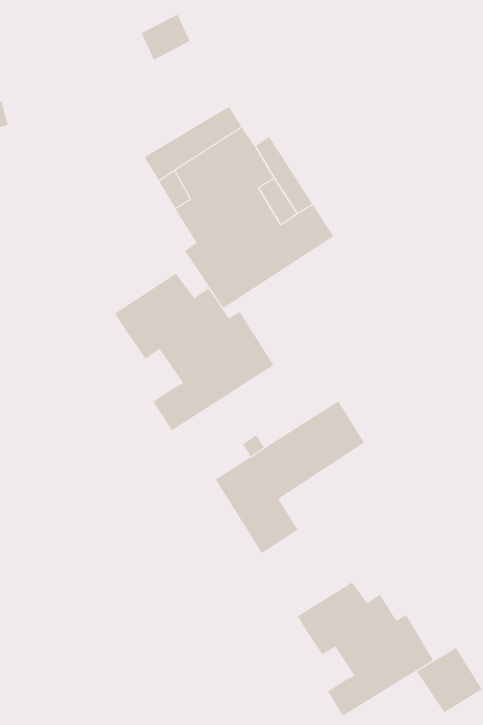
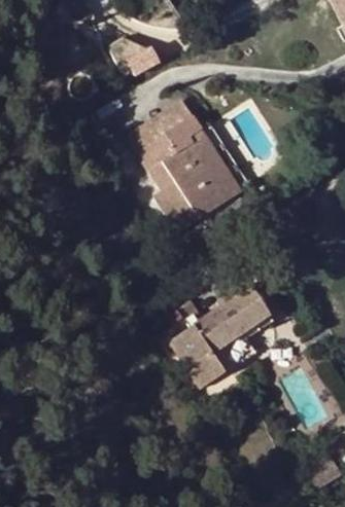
building: [114,273,274,431] -> none
building: [297,582,434,717] -> none

